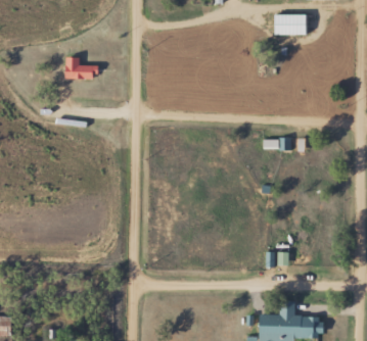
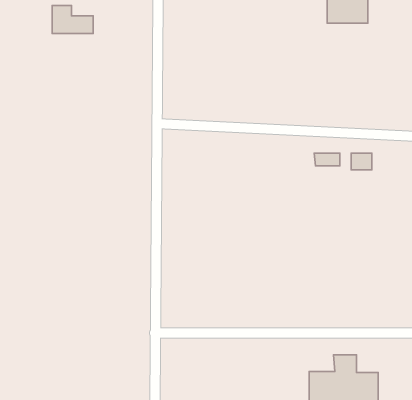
building: [65,56,98,79] -> [52,6,93,34]

